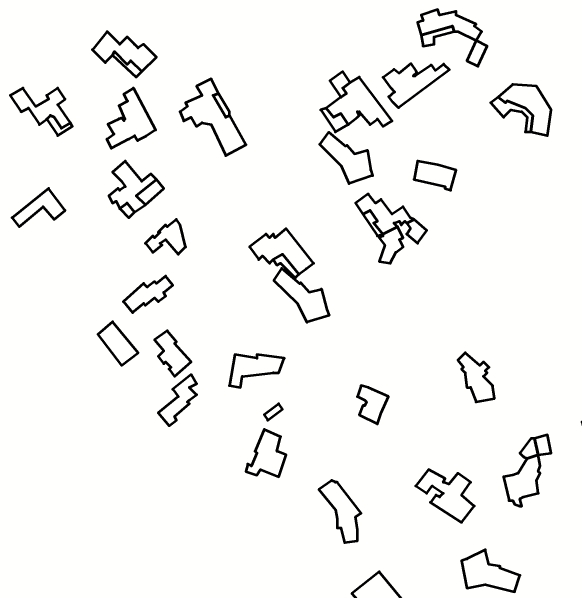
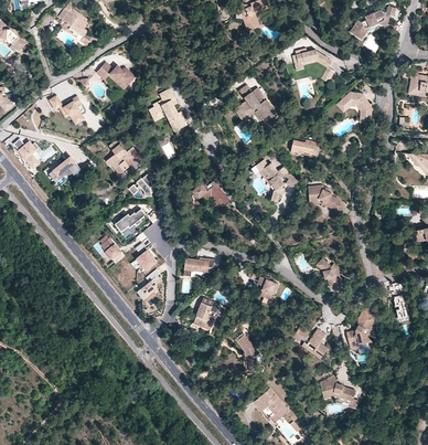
building: [383,64,449,108] -> none
building: [107,88,156,148] -> none
building: [320,132,373,184] -> none
building: none -> [309,187,345,214]
building: [274,268,329,322] -> none

